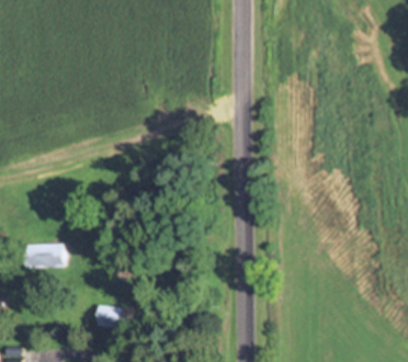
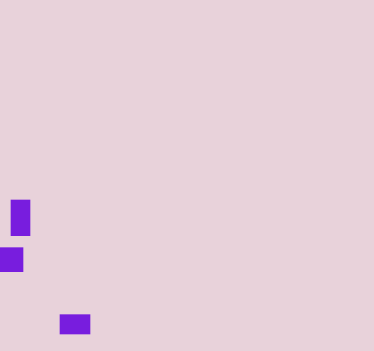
building: none -> [10,199,31,237]

